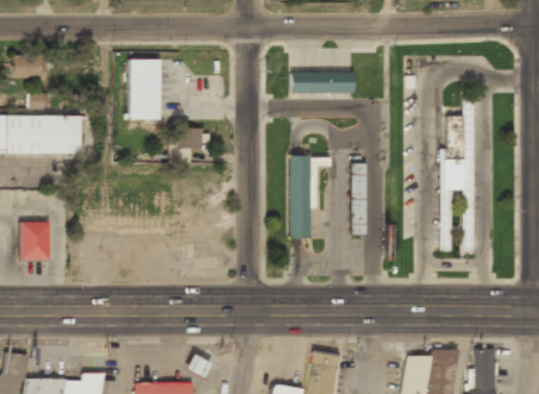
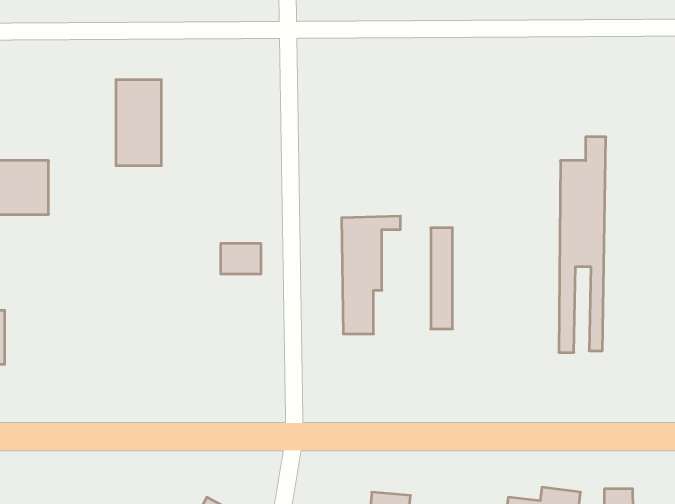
building: [290,74,352,93] -> none
building: [175,129,203,150] -> [221,244,261,274]

